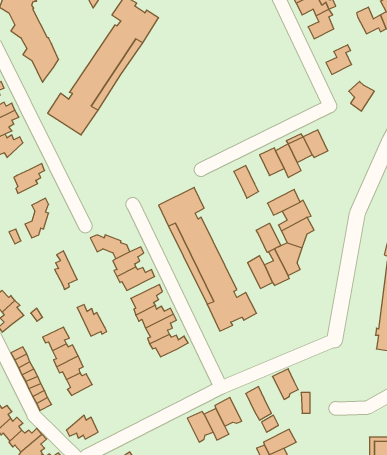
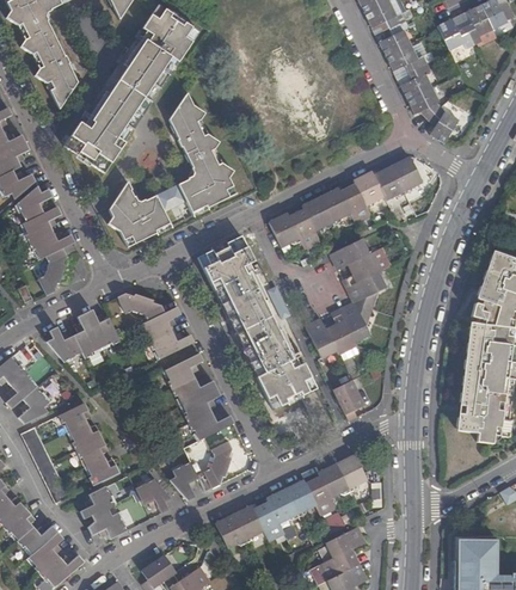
building: none -> [386,44,426,72]
building: none -> [407,87,441,119]
building: none -> [168,92,233,211]
building: none -> [391,156,422,191]
building: none -> [108,180,171,242]
building: none -> [18,186,53,221]
building: none -> [301,196,332,231]
building: none -> [269,213,300,246]
building: none -> [29,231,75,259]
building: [256,223,281,252] -> none
building: none -> [47,326,82,361]
building: [77,305,107,336] -> [84,308,119,346]
building: none -> [332,380,363,420]
building: none -> [17,389,48,425]
building: none -> [202,441,231,490]
building: none -> [168,462,198,500]
building: none -> [318,463,350,498]
building: none -> [136,480,172,514]
building: none -> [284,480,314,517]
building: none -> [80,486,115,522]
building: none -> [215,514,247,548]

